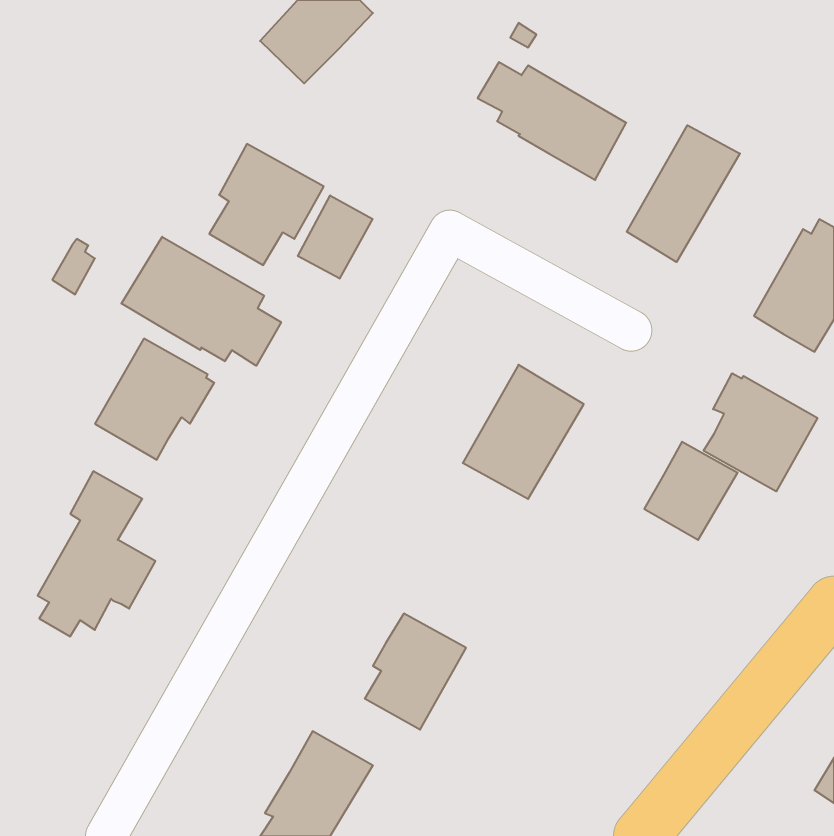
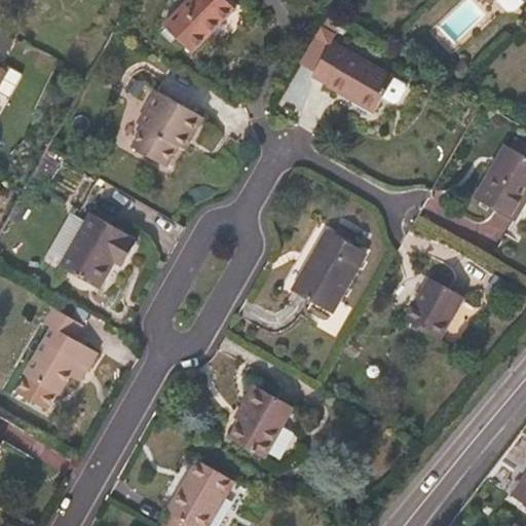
building: [627,125,740,262] -> none
building: [298,195,373,279] -> none
building: [121,237,281,366] -> none
building: [704,373,817,491] -> none

